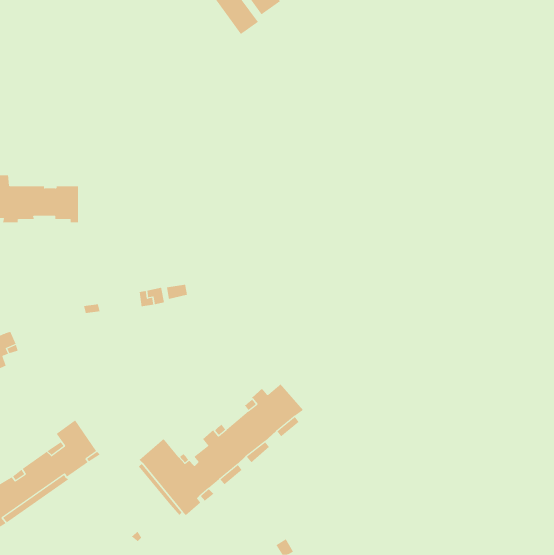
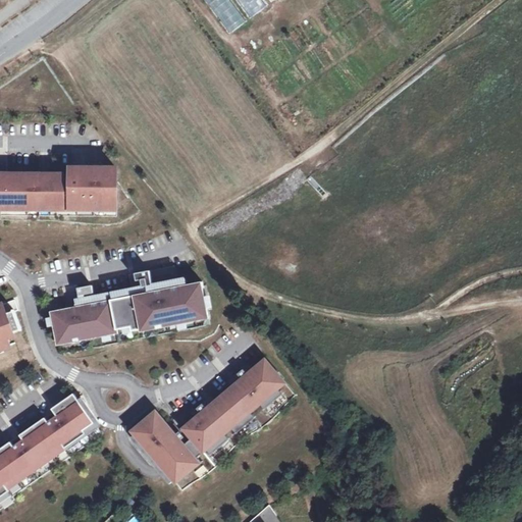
building: none -> [73,166,119,210]
building: none -> [52,281,210,343]

